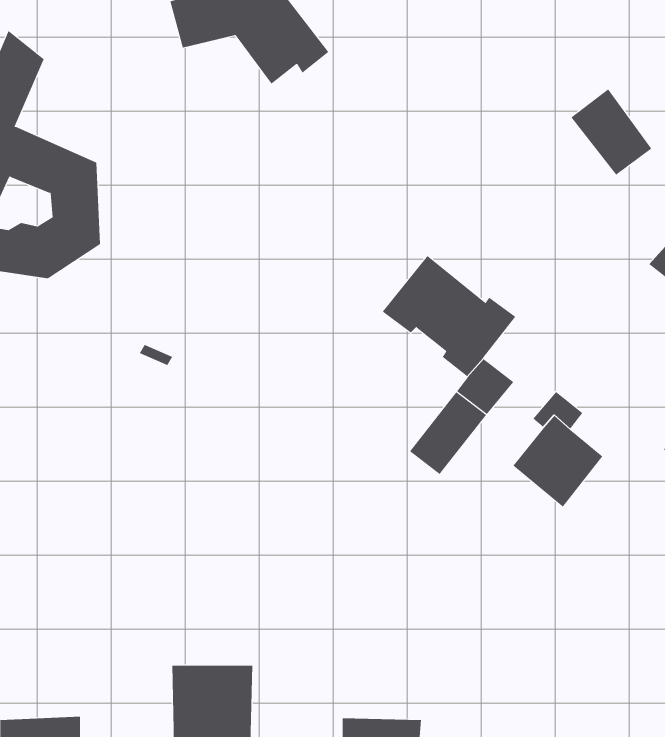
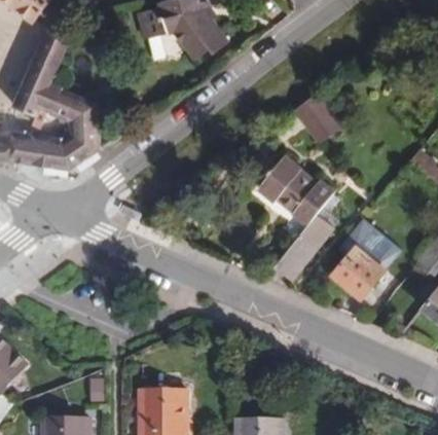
building: [570,89,652,176] -> [294,93,340,142]

